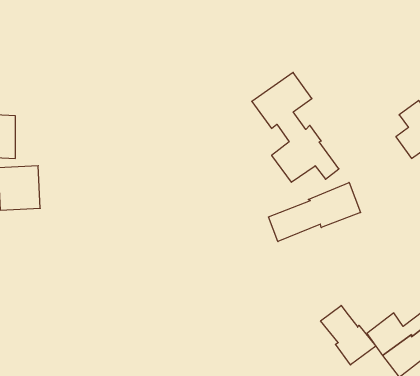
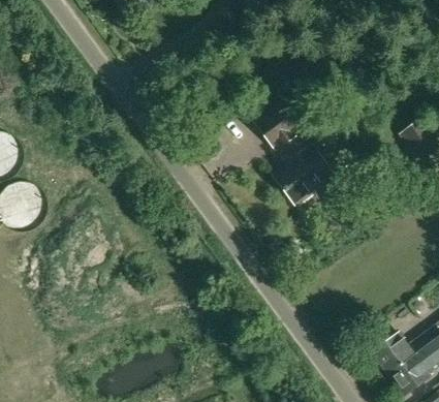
building: [269,182,361,242] -> none
building: [321,305,376,365] -> none

